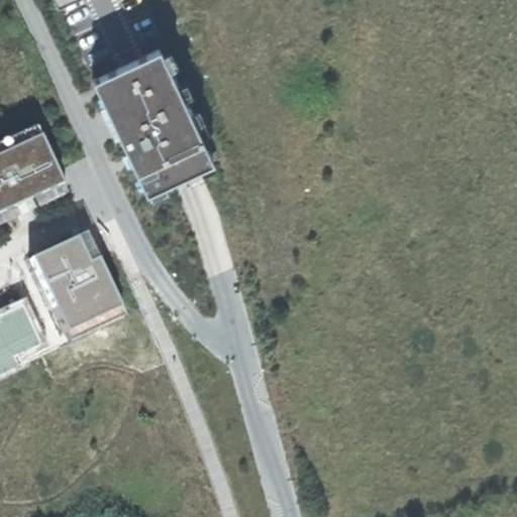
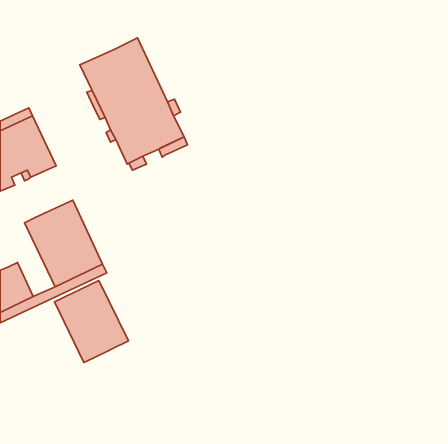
building: none -> [55,281,129,363]

